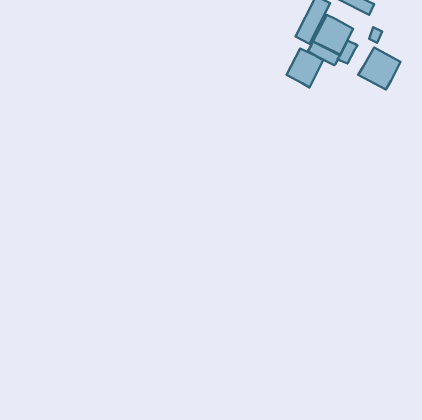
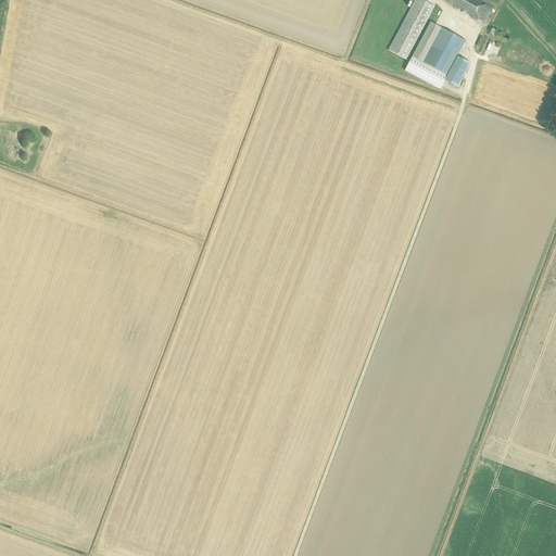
building: [358,47,400,90] -> none
building: [286,49,323,88] -> none

